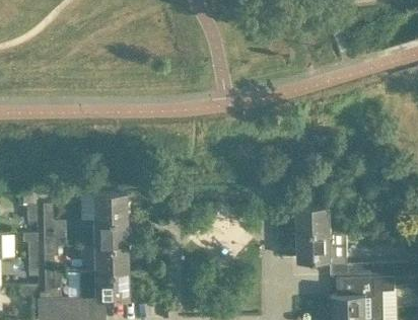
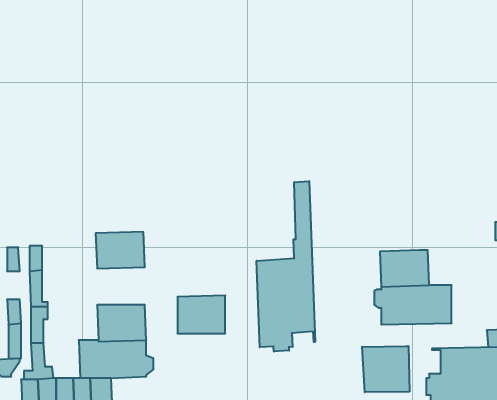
building: none -> [257,181,315,352]
building: [92,219,127,246] -> [177,295,225,333]
building: none -> [362,346,409,392]

